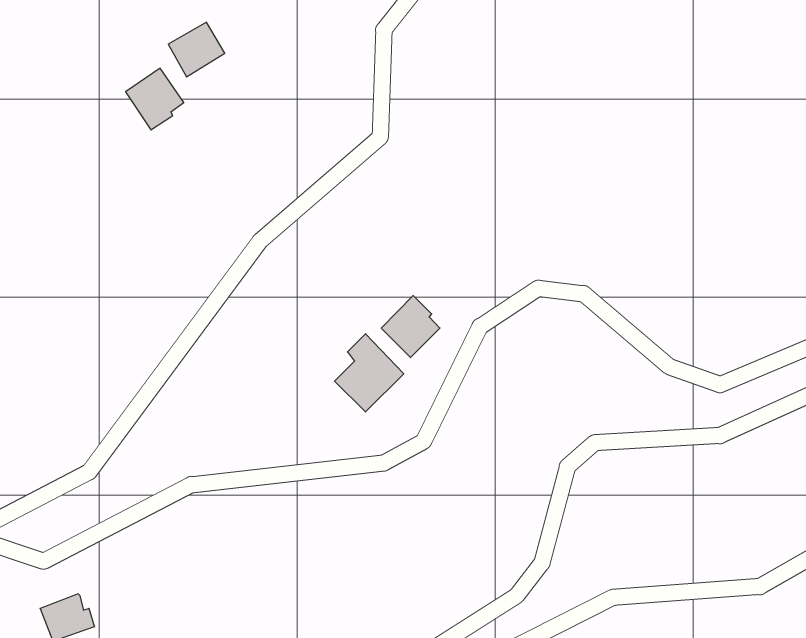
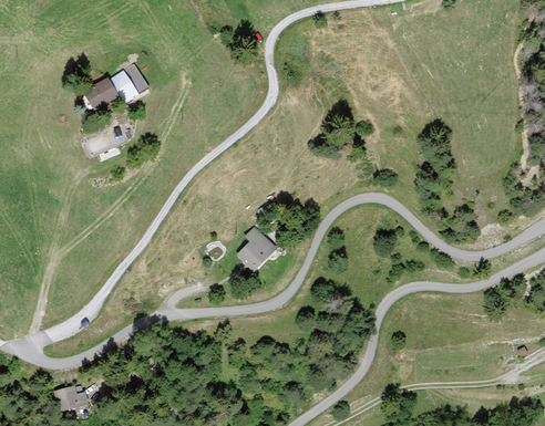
building: [168,22,225,77] -> [83,76,117,110]
building: [381,296,440,358] -> none

